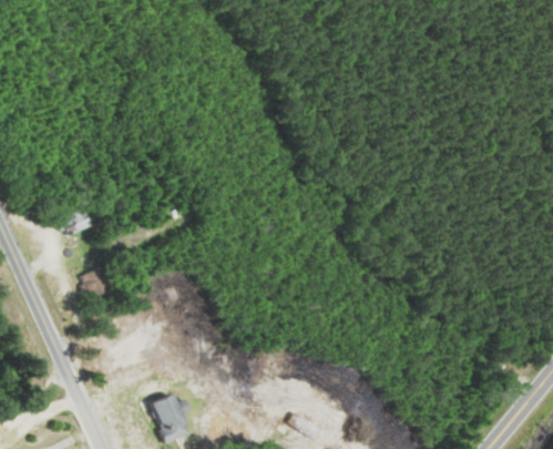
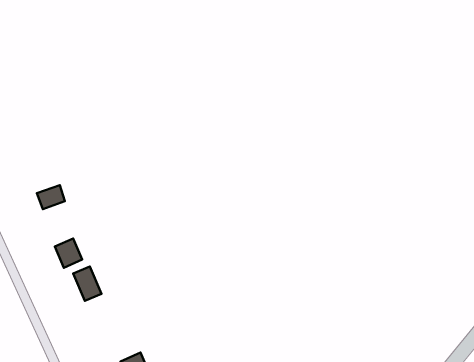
building: none -> [73,267,102,301]

